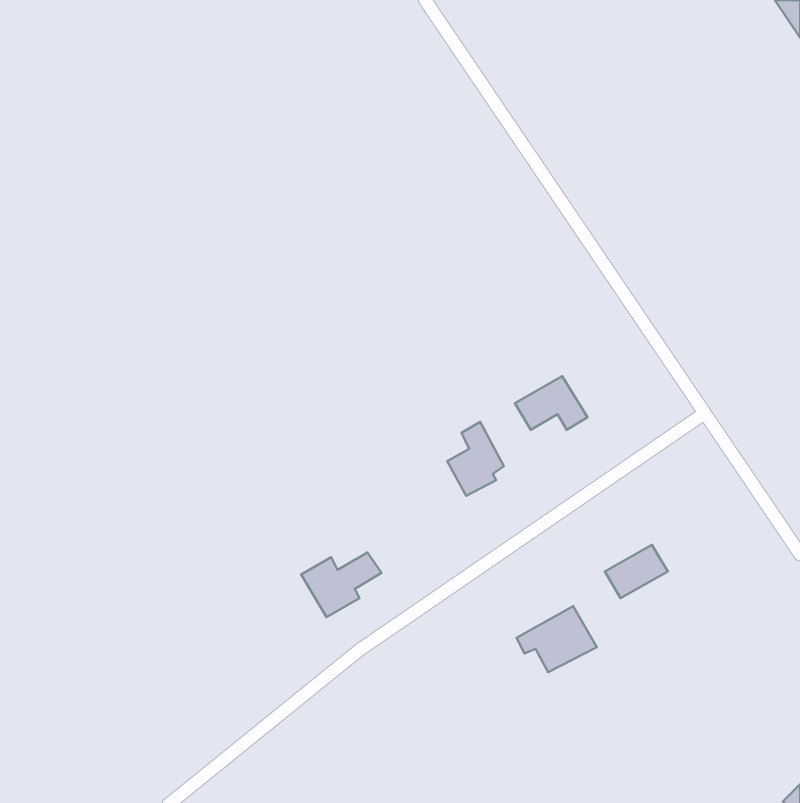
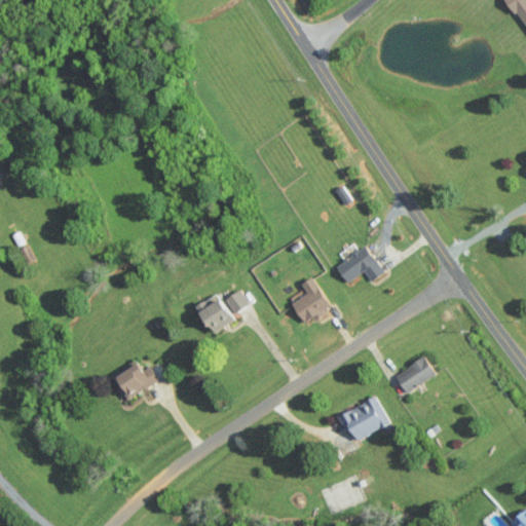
building: [301,552,382,617] -> [197,291,250,333]
building: none -> [114,362,156,400]

